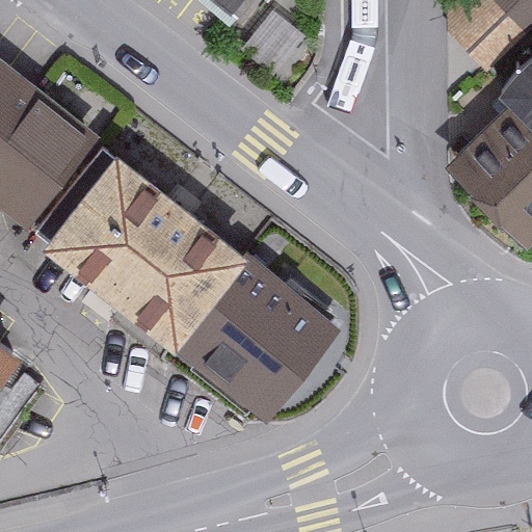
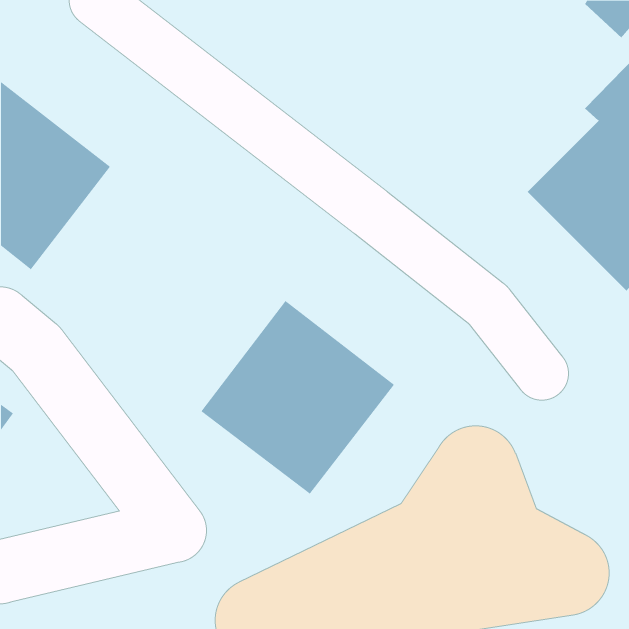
building: [39,156,244,349] -> none

